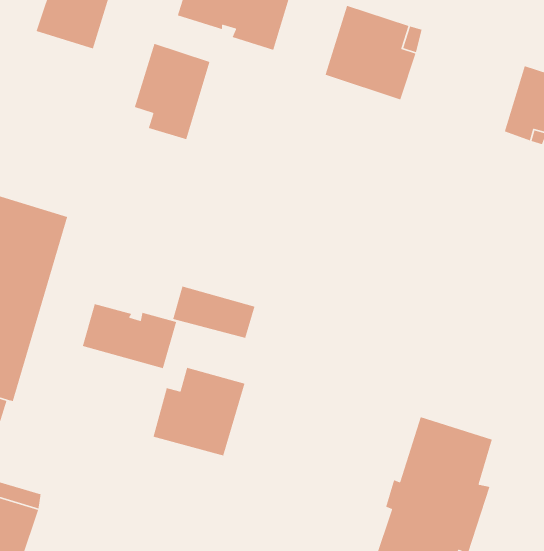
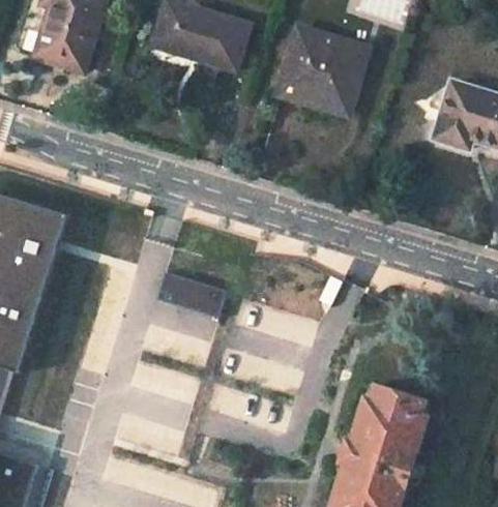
building: [134,43,211,140] -> none
building: [82,303,177,369] -> none
building: [152,367,245,457] -> none

